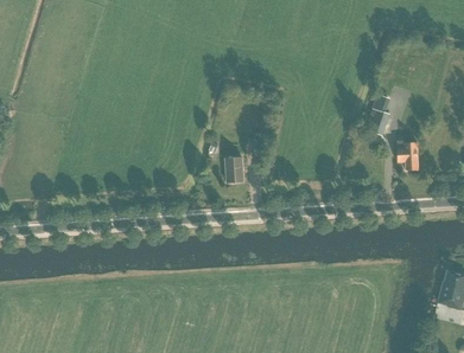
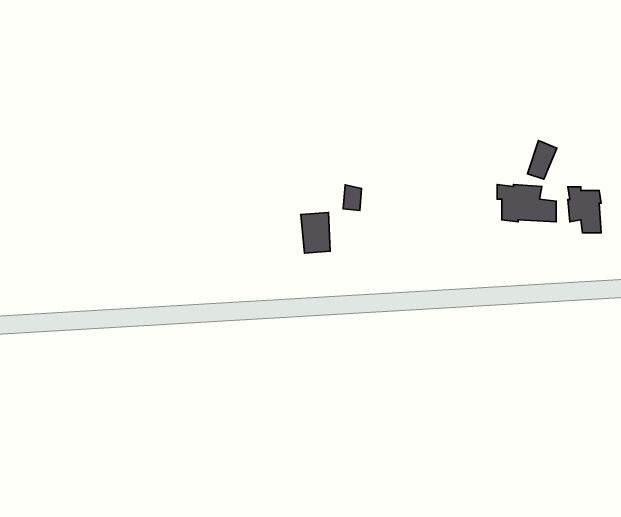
building: none -> [497,185,556,222]

